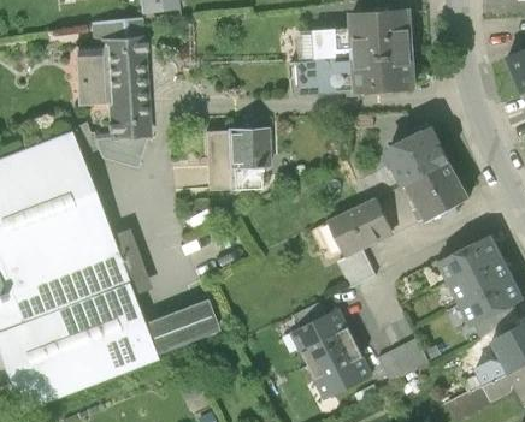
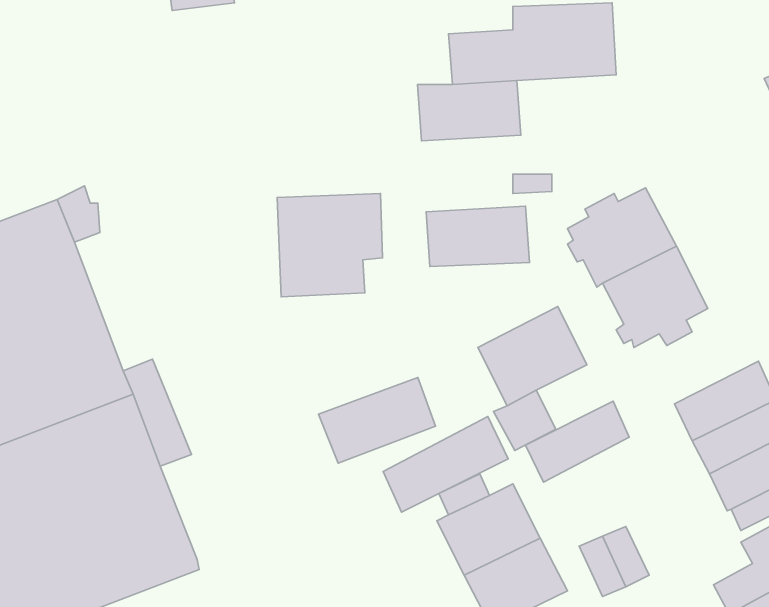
building: [71,22,147,139] -> none
building: [350,54,414,91] -> [426,206,529,267]
building: none -> [526,401,629,482]
building: none -> [383,417,508,512]
building: [141,301,213,353] -> [319,377,435,463]

